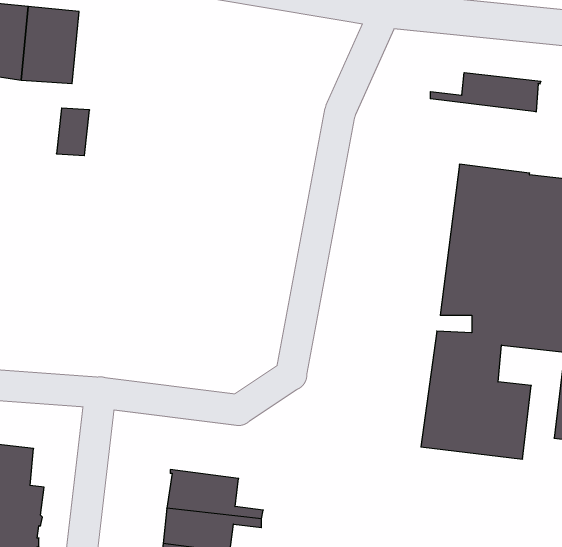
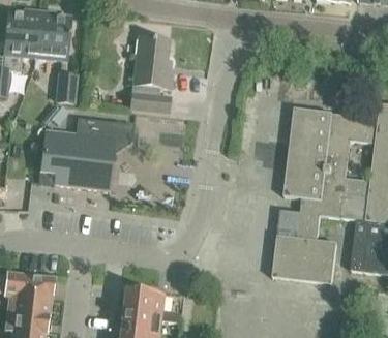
building: none -> [131,36,173,113]
building: [430,73,541,112] -> none
building: none -> [38,117,135,190]

